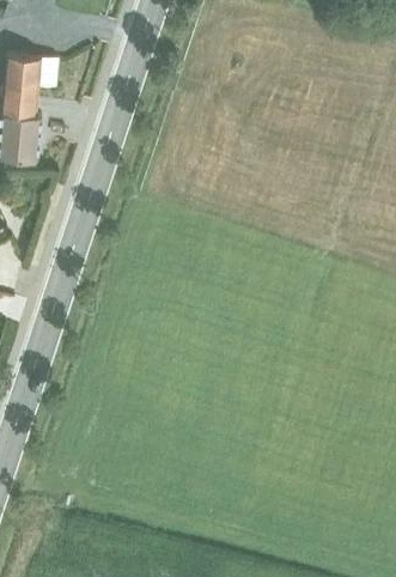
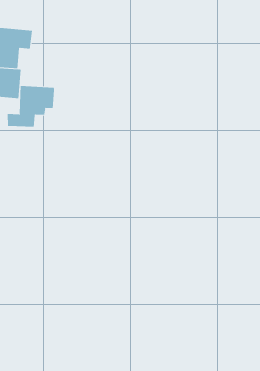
building: none -> [7,85,55,128]

